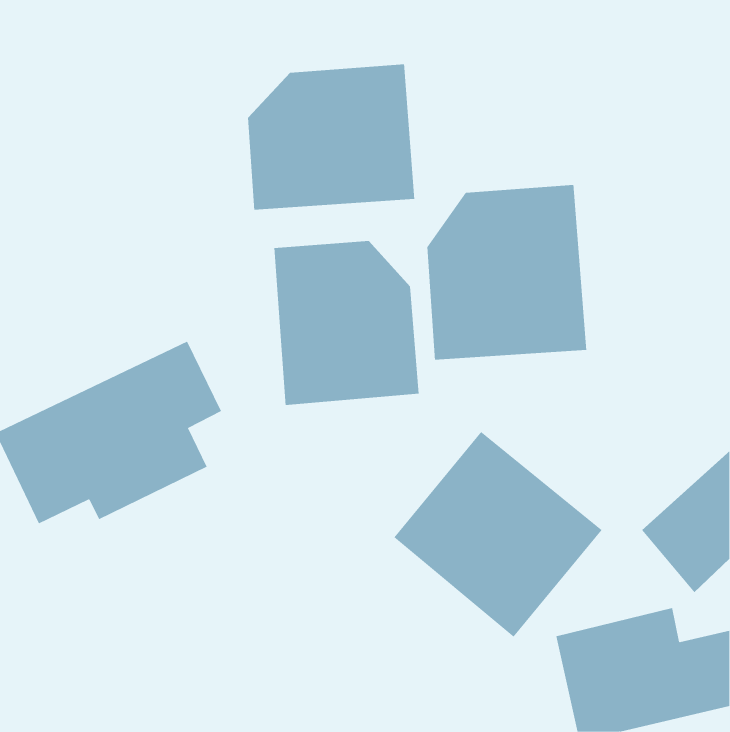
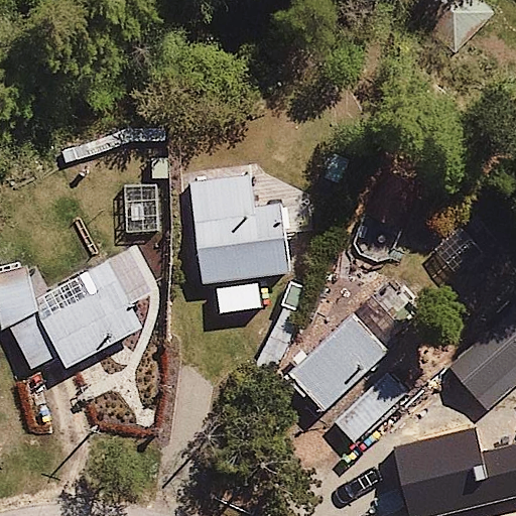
building: [247,64,415,210] -> none
building: [427,184,587,361] -> none

